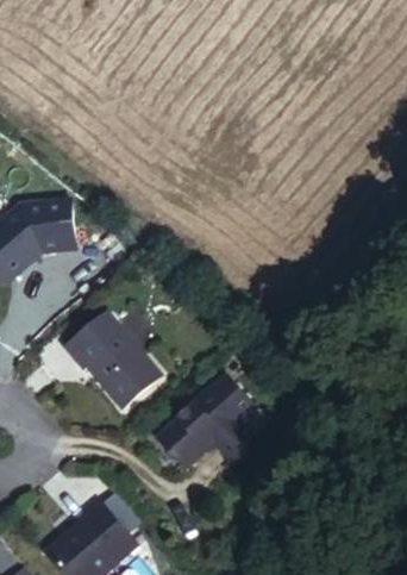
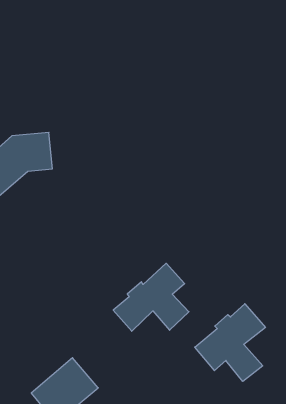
building: [64,310,159,406] -> none
building: none -> [195,304,265,381]

